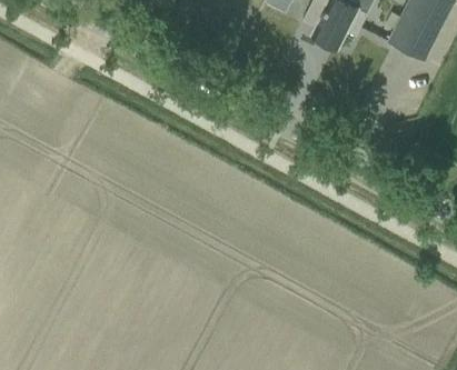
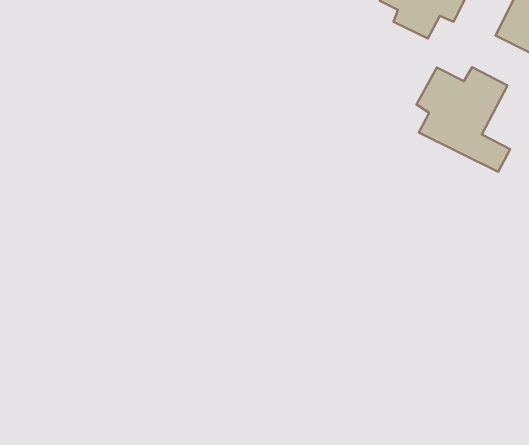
building: none -> [416,67,510,172]

